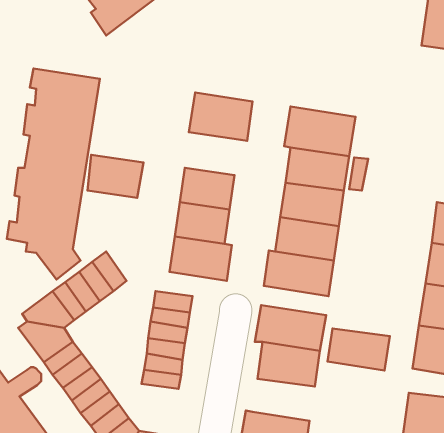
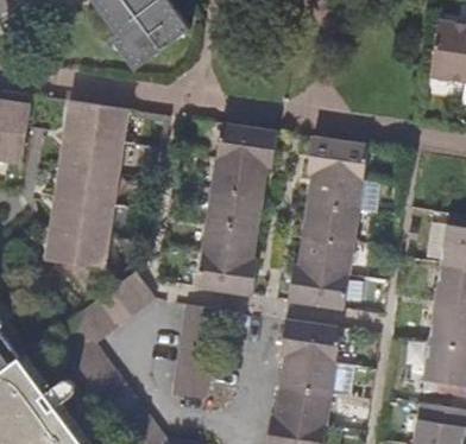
building: [87,155,143,198] -> [209,159,262,199]
building: [327,329,390,370] -> [272,389,330,429]

